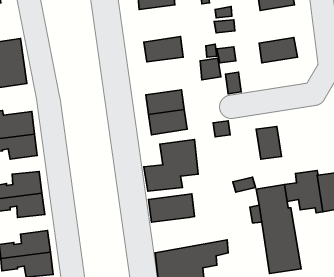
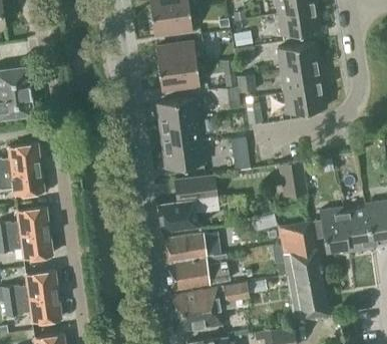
building: none -> [154,42,197,69]
building: none -> [278,42,318,70]
building: none -> [284,85,325,112]
building: none -> [156,99,198,125]
building: none -> [165,254,229,289]

